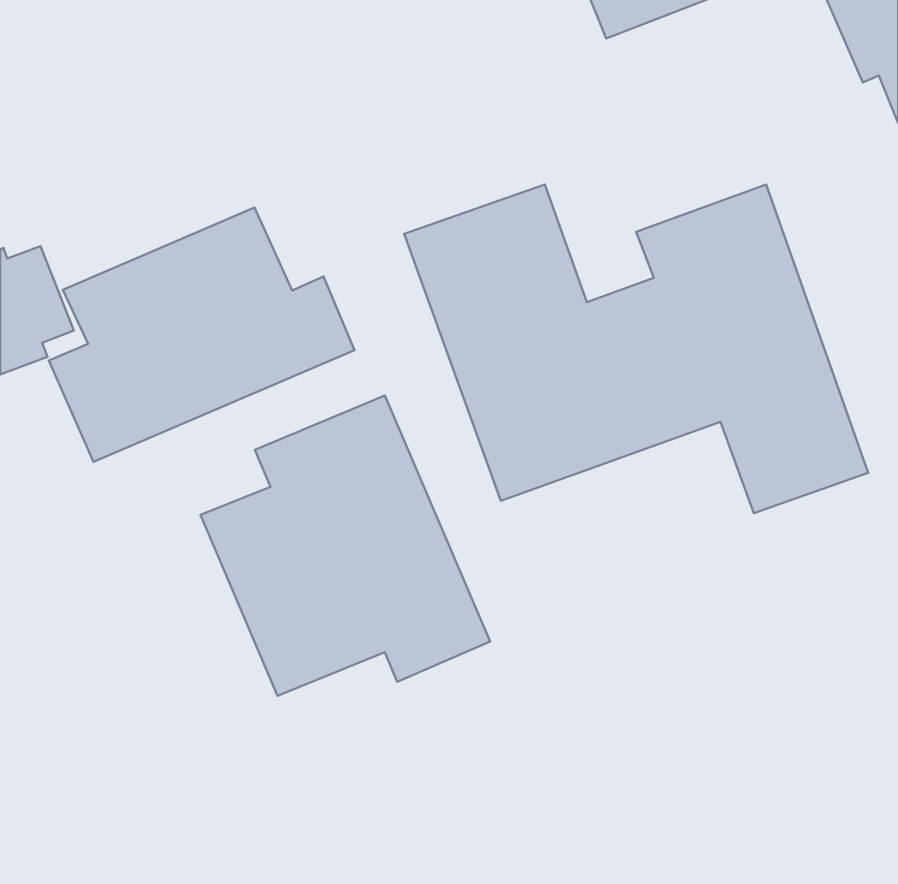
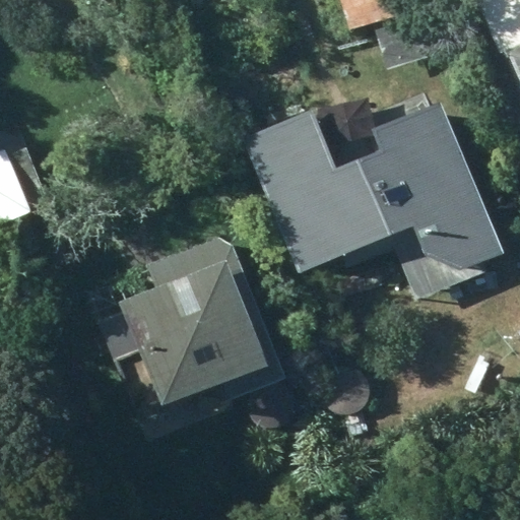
building: [49,208,354,462] -> none

